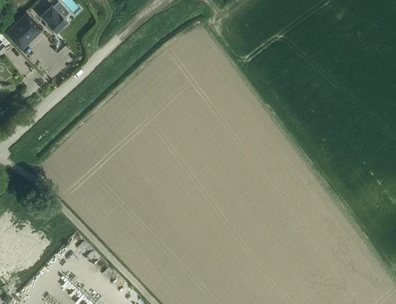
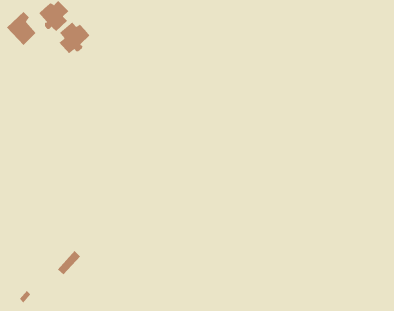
building: none -> [59,21,90,54]

